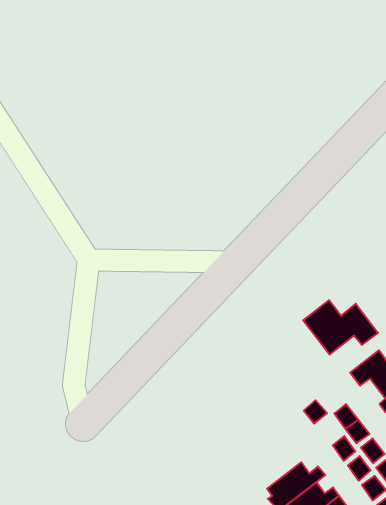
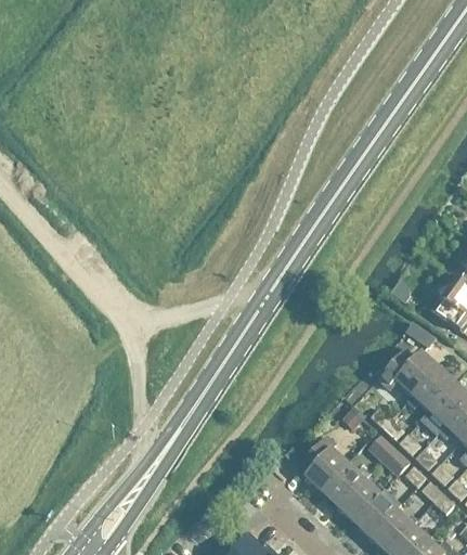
building: [303,300,378,355] -> none
building: none -> [300,436,350,493]

